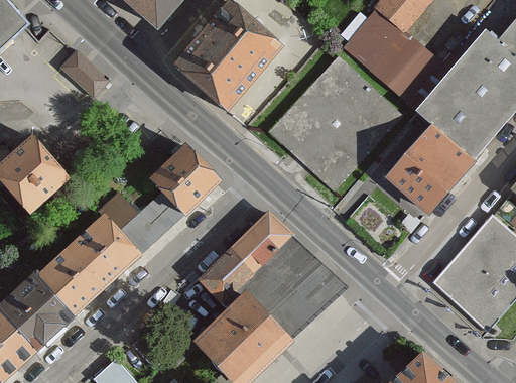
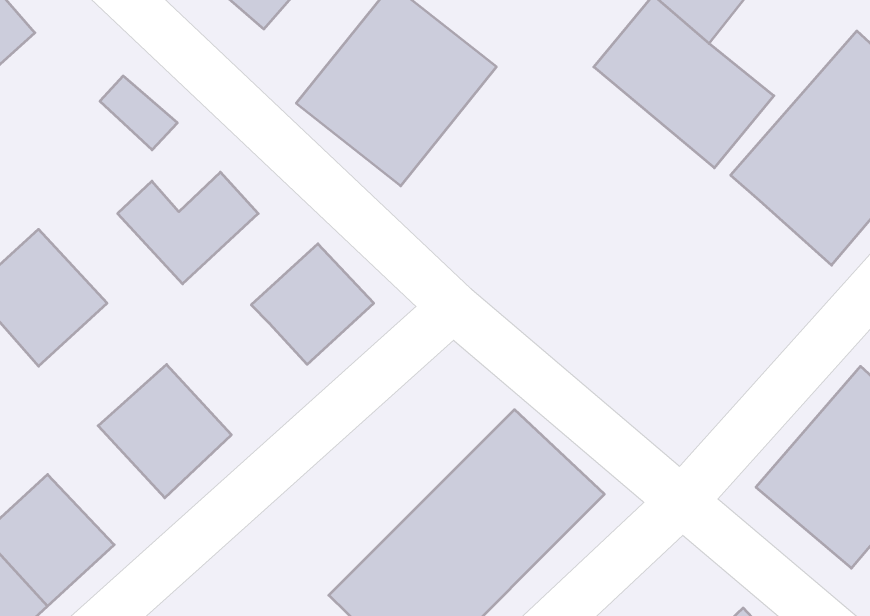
building: [269,56,407,195] -> none
building: [385,122,474,213] -> none
building: [102,190,180,253] -> [118,172,258,284]
building: [197,211,296,309] -> none
building: [35,248,101,314] -> none

